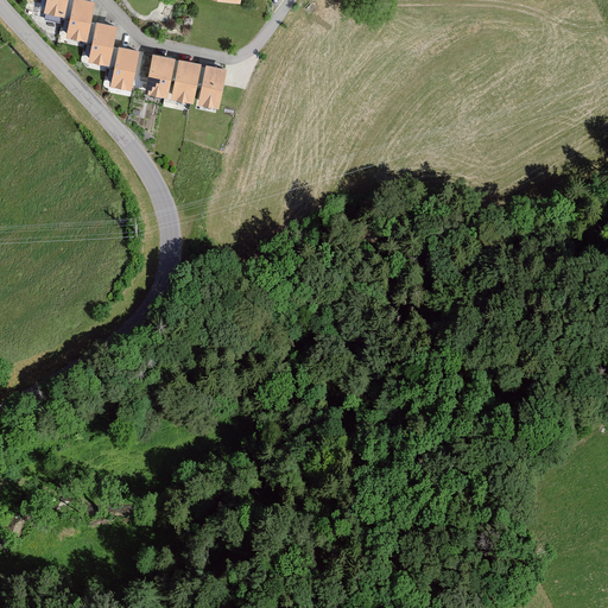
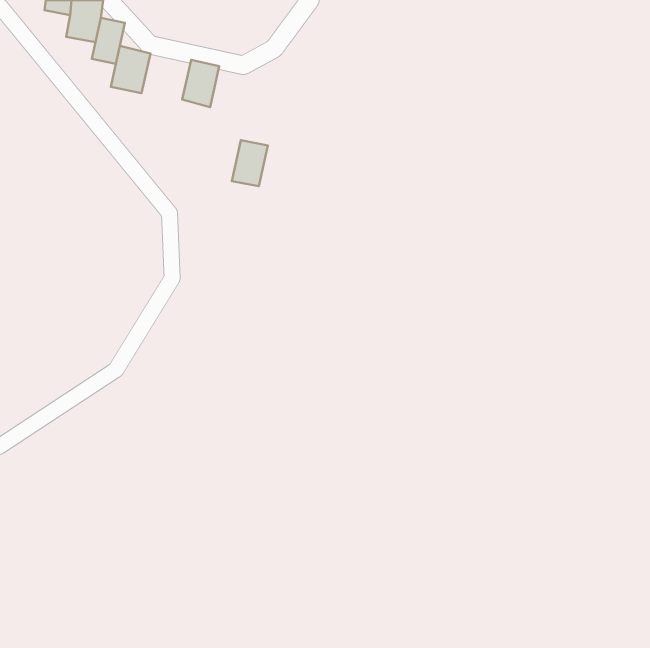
building: [146,55,178,96] -> none
building: [196,65,229,108] -> [232,140,268,186]

